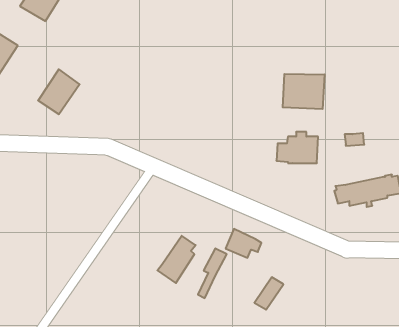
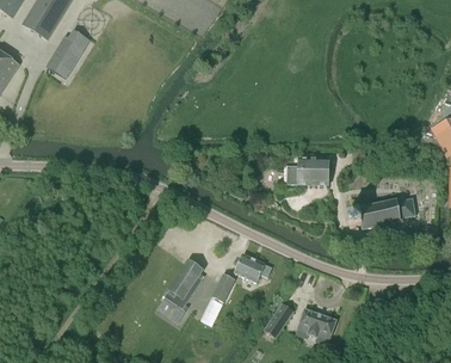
building: [38,69,80,114] -> [43,35,86,81]
building: [283,74,325,109] -> none
building: none -> [297,308,336,339]

